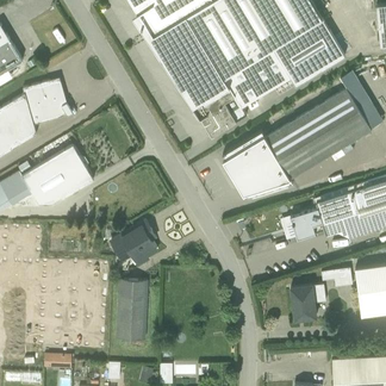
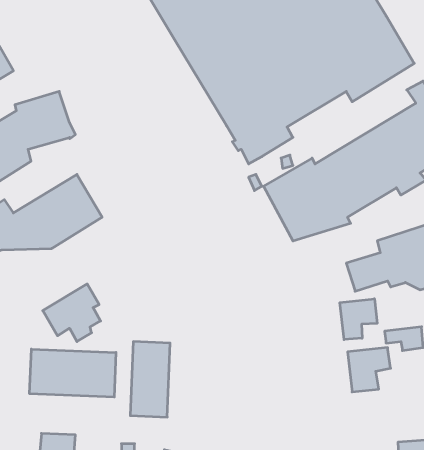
building: [110,222,156,268] -> [43,284,101,342]
building: none -> [340,299,377,340]
building: none -> [30,349,116,397]

